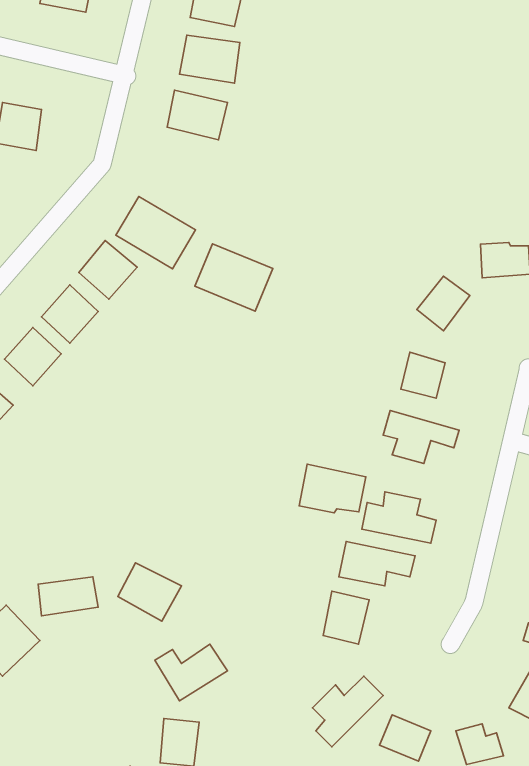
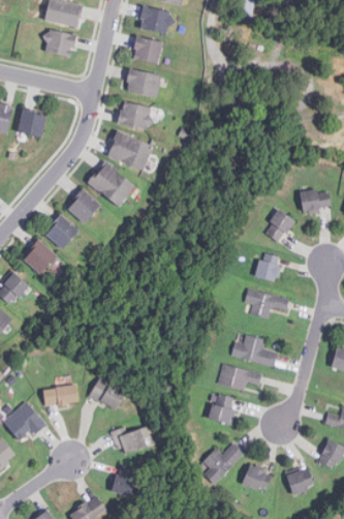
building: [195,244,273,311] -> [106,131,152,171]
building: [299,464,366,513] -> none

